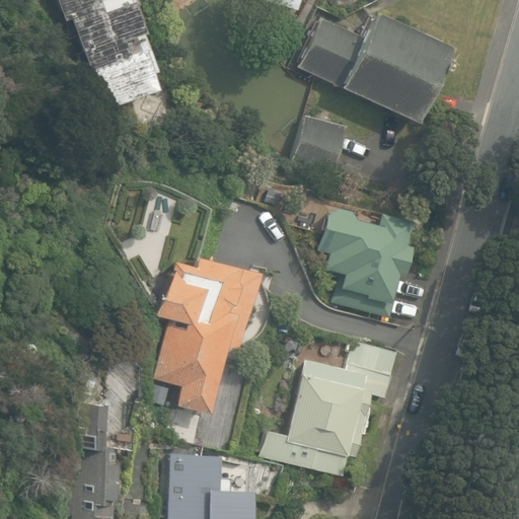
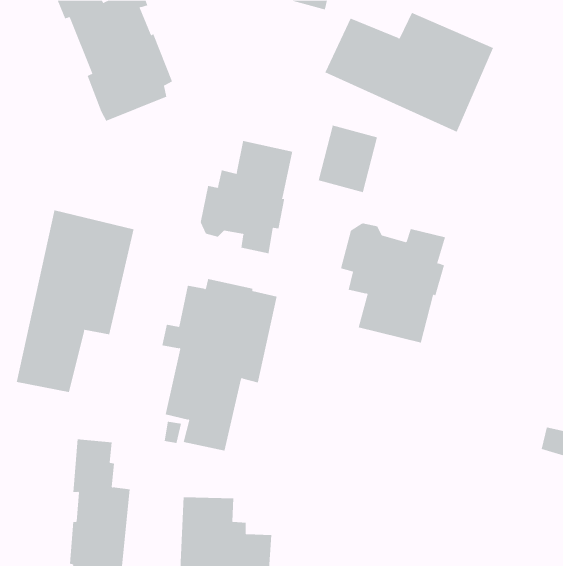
building: none -> [200,140,293,254]
building: none -> [16,209,134,393]
building: [264,345,398,468] -> none

